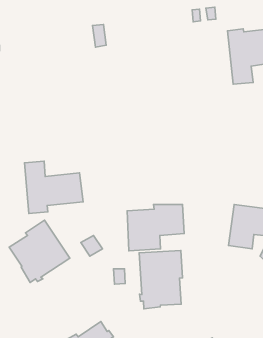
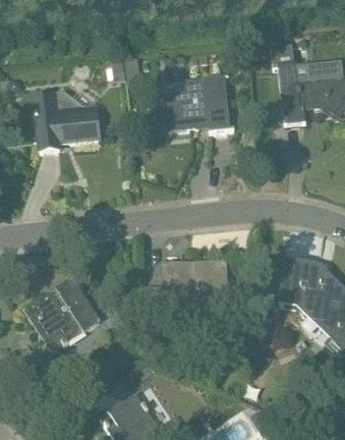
building: none -> [165,74,231,128]
building: [24,161,83,214] -> [34,92,100,151]
building: [139,250,183,309] -> none

